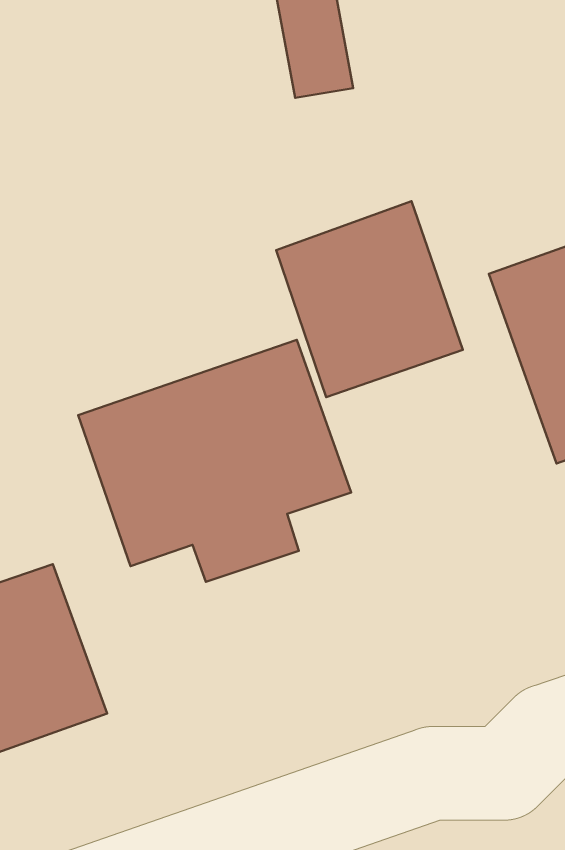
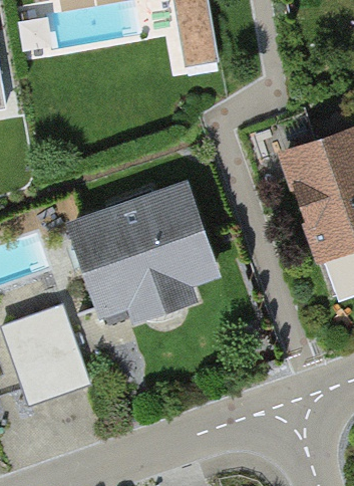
building: [276,201,463,397] -> none

